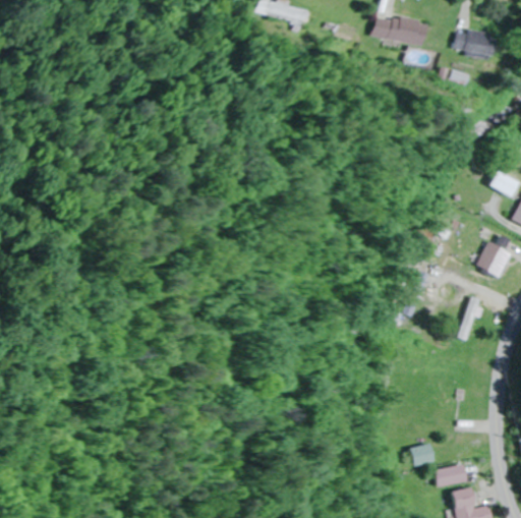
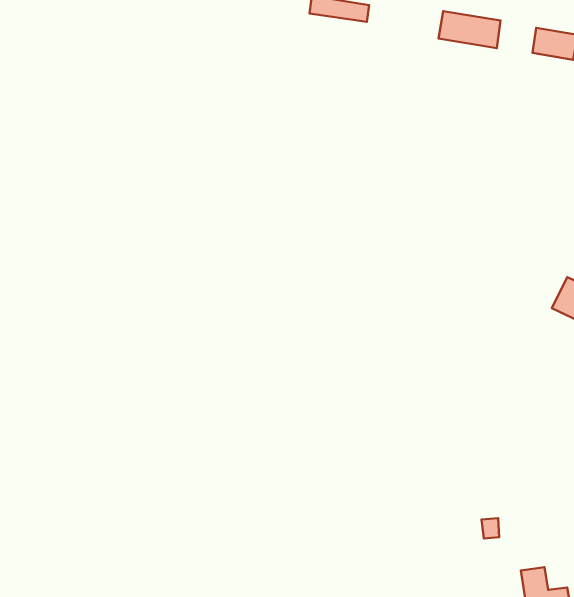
building: [456,298,486,338] -> none
building: [429,464,464,487] -> none

